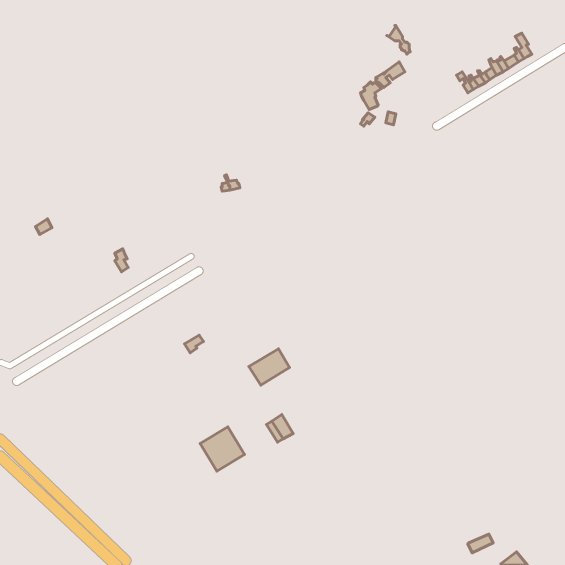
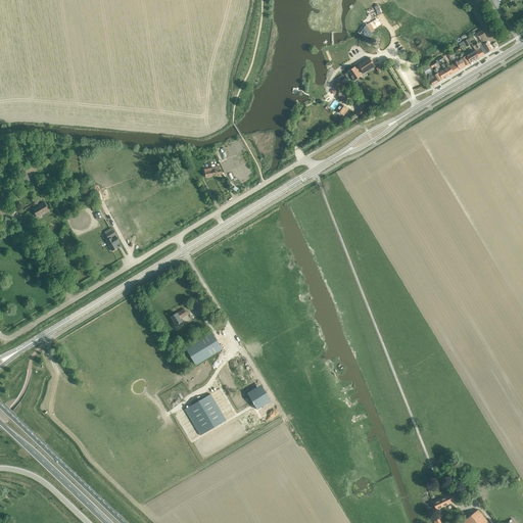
building: [249,349,290,385] -> [185,332,223,366]

